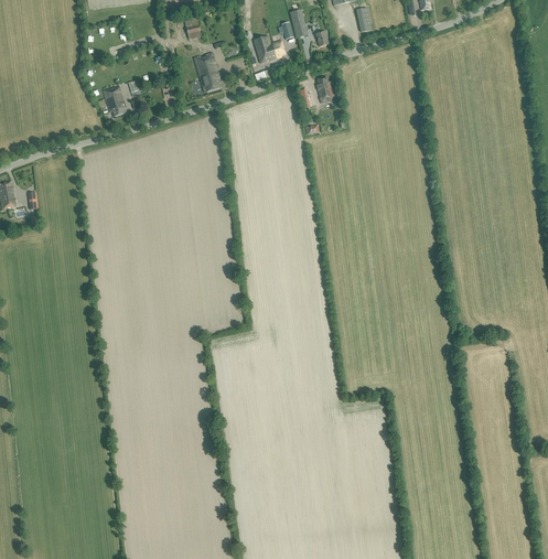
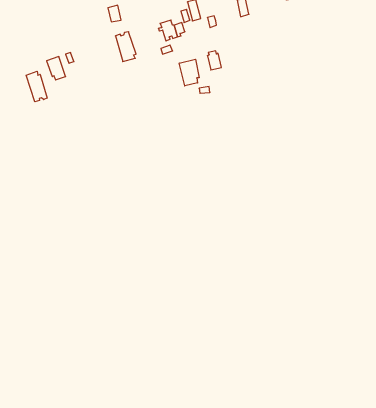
building: none -> [179,59,199,86]
building: none -> [26,71,47,102]

